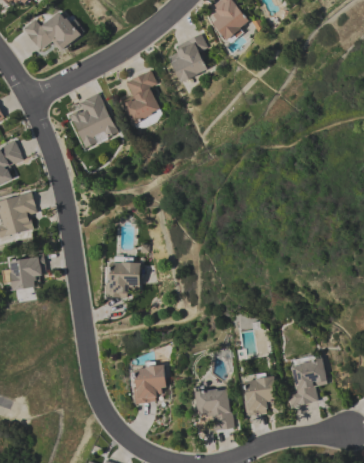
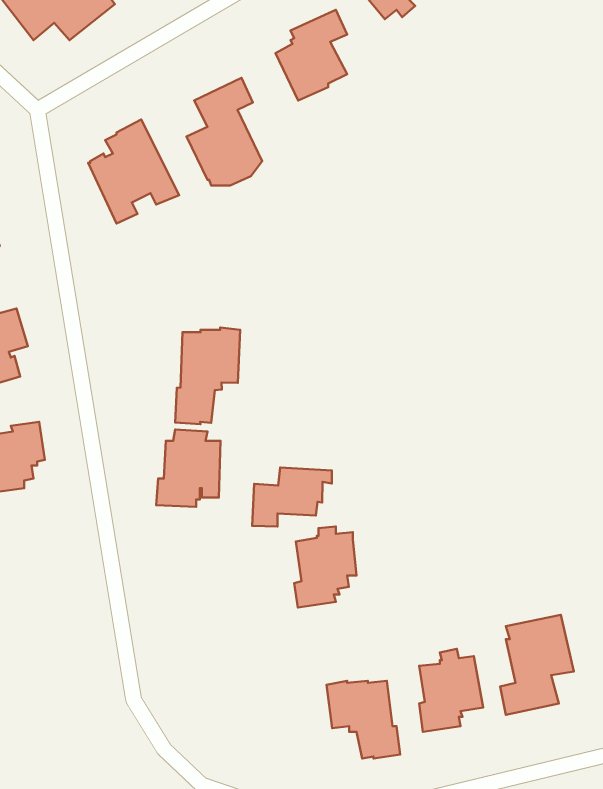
building: none -> [175,328,240,424]
building: none -> [252,467,332,527]
building: [133,361,166,404] -> [294,526,356,608]

